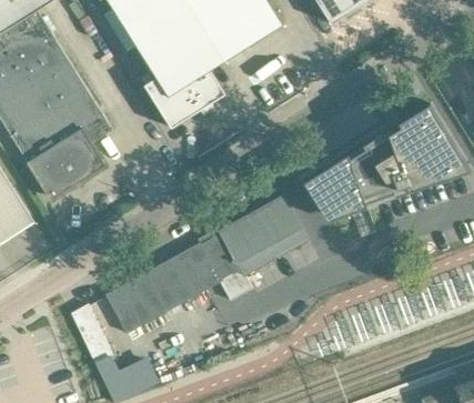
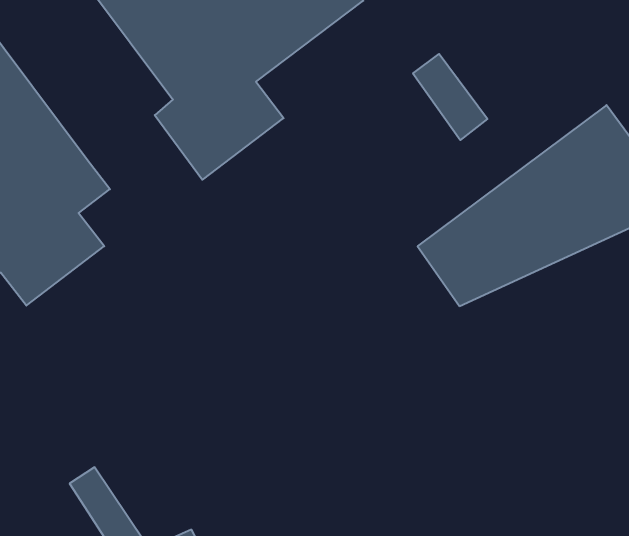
building: none -> [413,54,487,140]
building: [103,195,306,332] -> none

